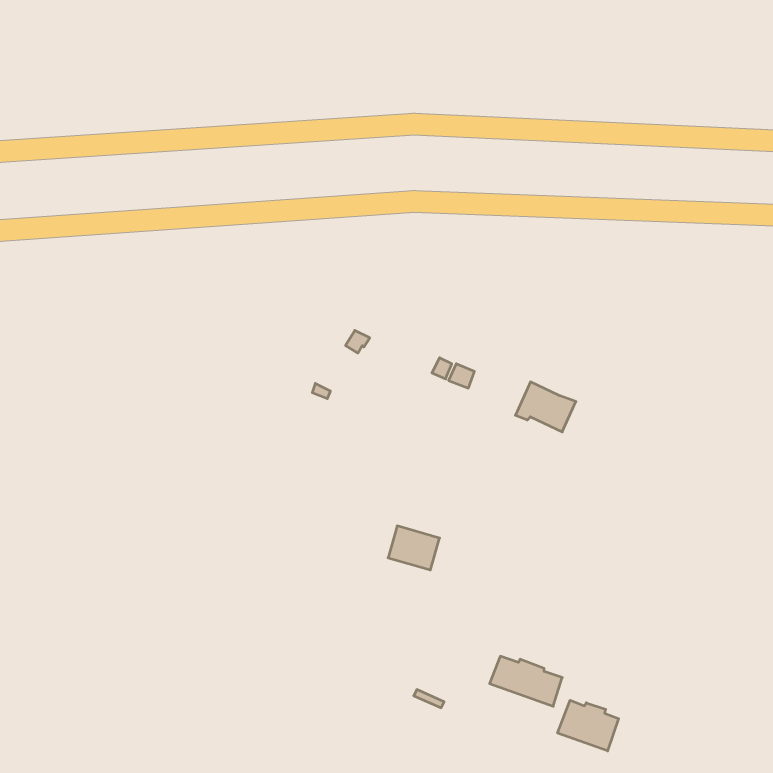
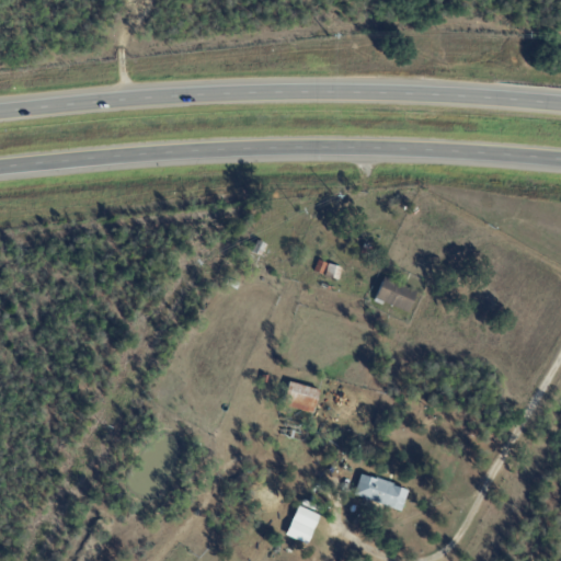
building: none -> [285,505,319,543]
building: [558,700,619,751] -> none

